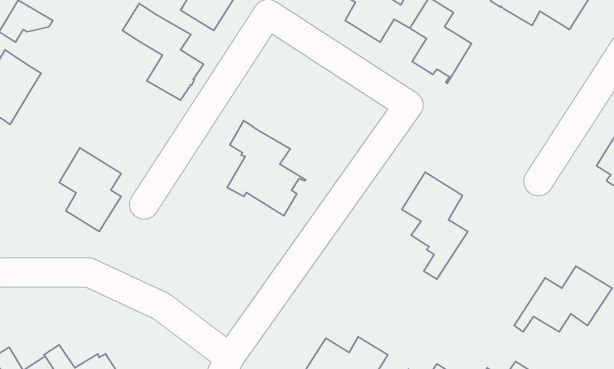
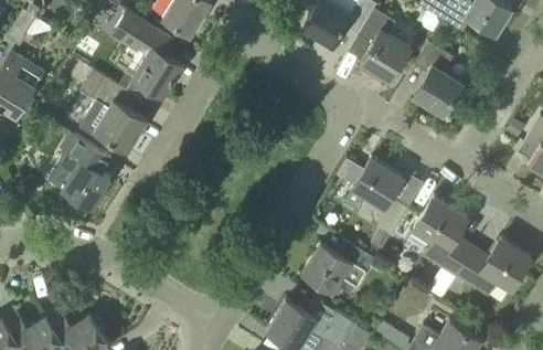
building: none -> [413,43,461,115]
building: [227,121,306,216] -> [78,71,146,152]
building: none -> [412,197,473,289]
building: none -> [301,244,385,296]

